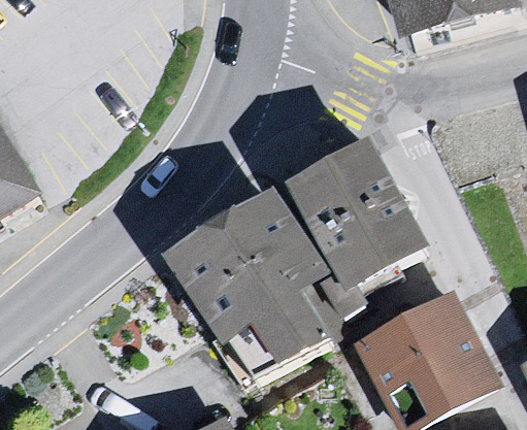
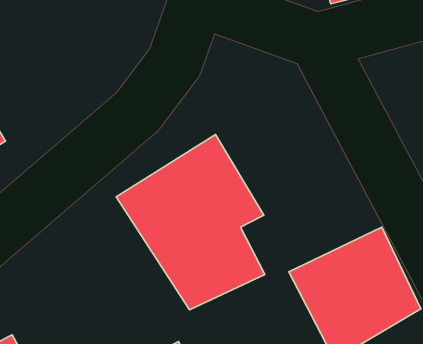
building: [271,141,425,332] -> none

